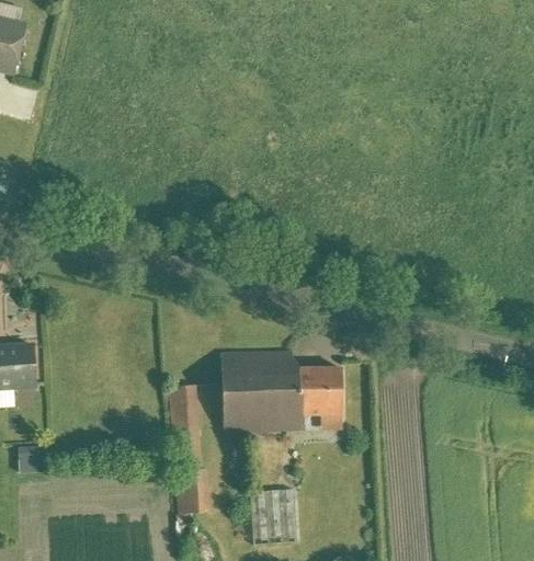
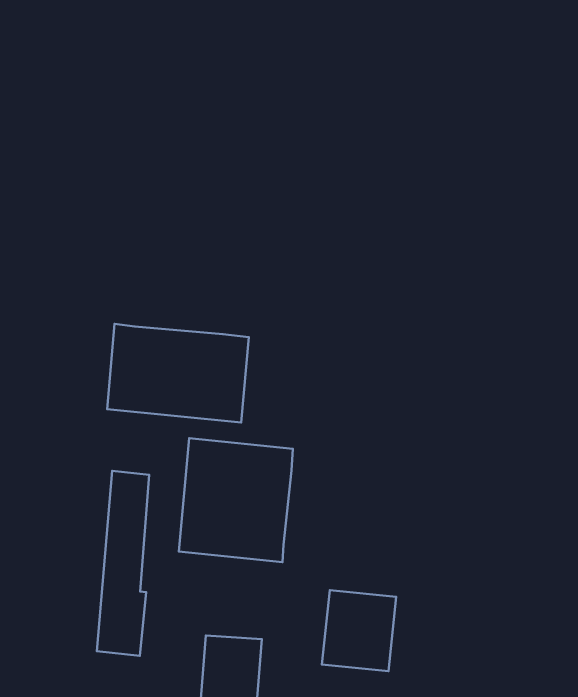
building: none -> [107,324,249,422]
building: [295,365,344,420] -> [322,590,396,671]

